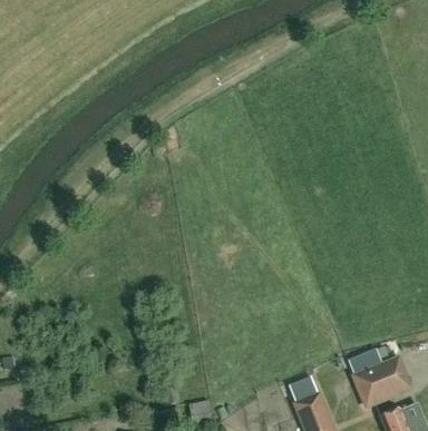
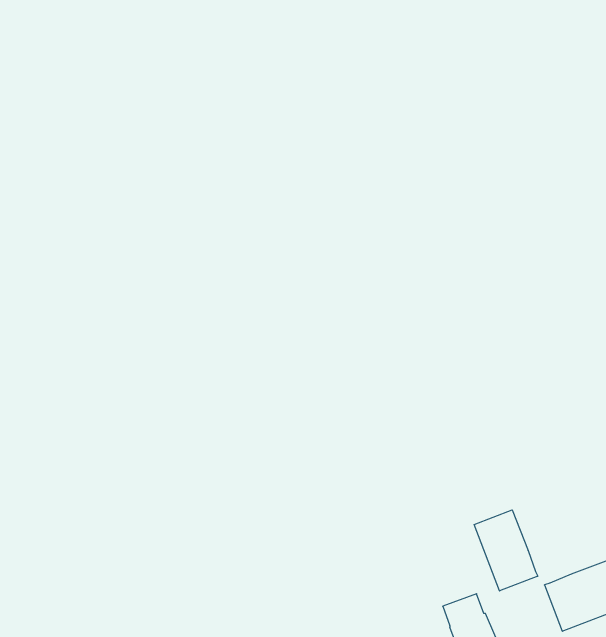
building: none -> [474,510,538,591]

